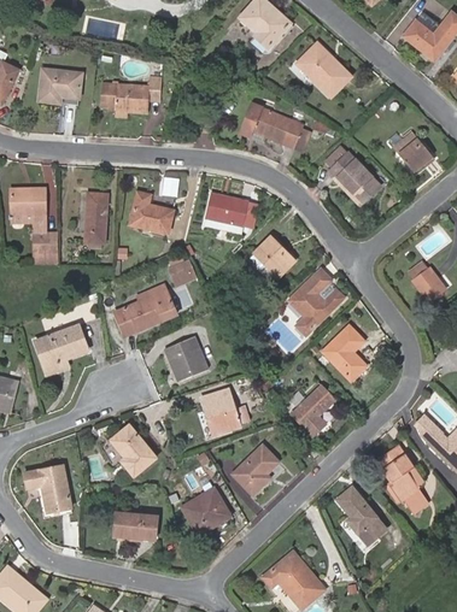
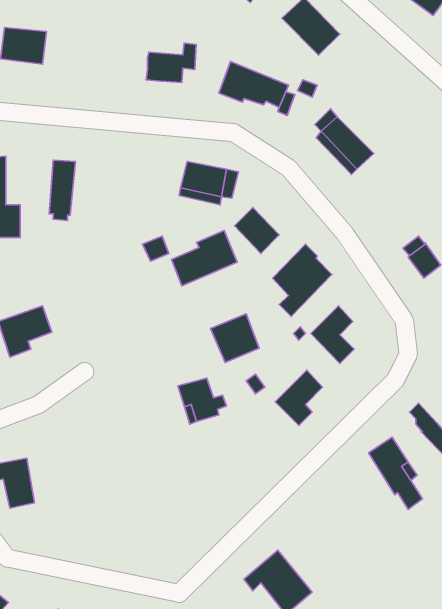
building: [115,75,160,111] -> [146,43,196,82]
building: [393,130,433,172] -> none
building: [129,192,171,231] -> none
building: [115,284,175,335] -> [171,231,237,286]
building: [163,335,207,379] -> [211,314,259,363]
building: [111,425,156,473] -> none
building: [234,445,277,493] -> none
building: [335,486,387,547] -> none
building: [182,488,228,534] -> none
building: [113,512,156,539] -> none

